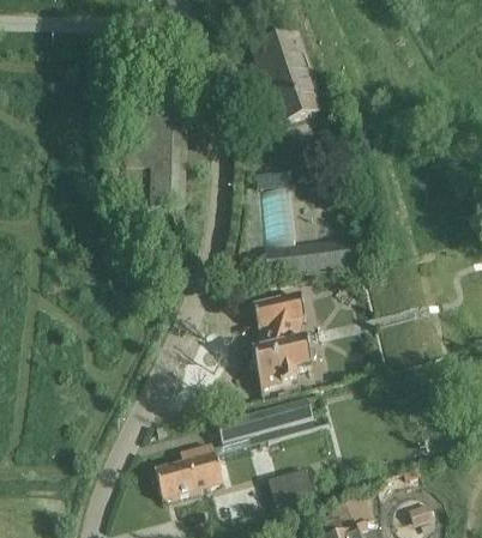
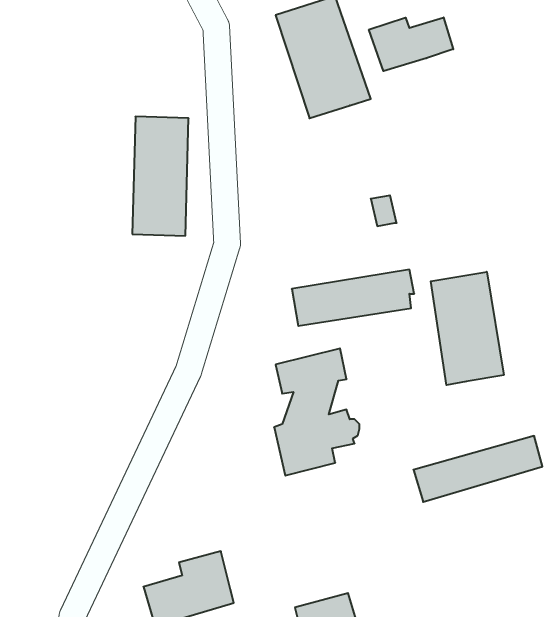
building: none -> [369,17,453,71]
building: none -> [431,272,504,385]
building: [217,395,313,445] -> [413,436,542,502]

